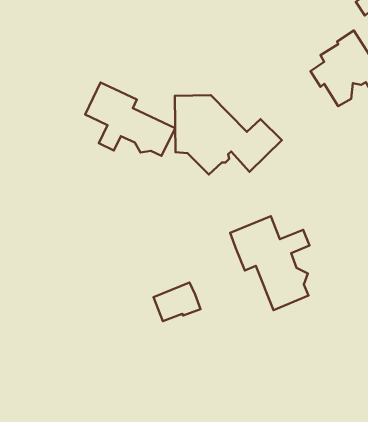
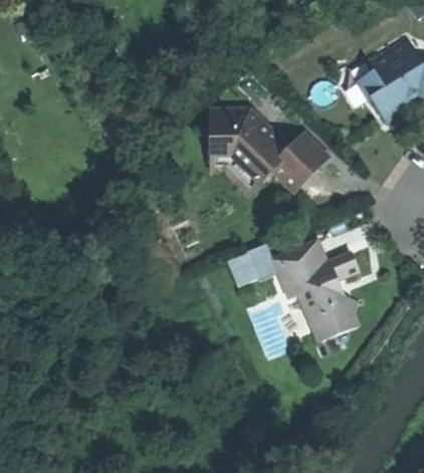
building: [85,83,175,156] -> none
building: [153,282,201,321] -> [226,244,277,286]

